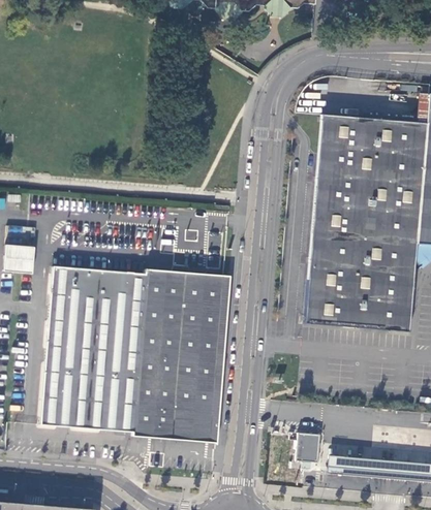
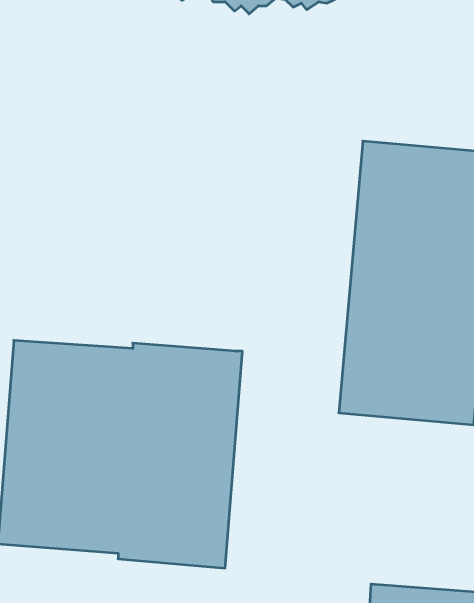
building: [297,432,321,461] -> none

